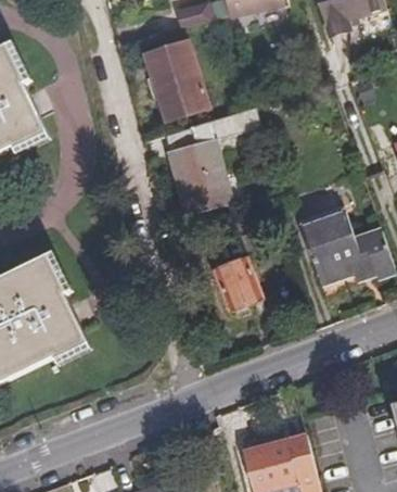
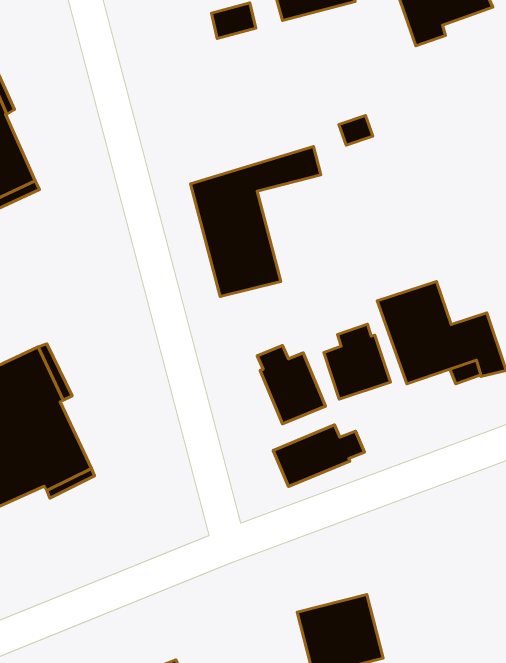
building: [144,40,207,121] -> none
building: none -> [324,324,390,399]
building: none -> [273,425,364,487]

